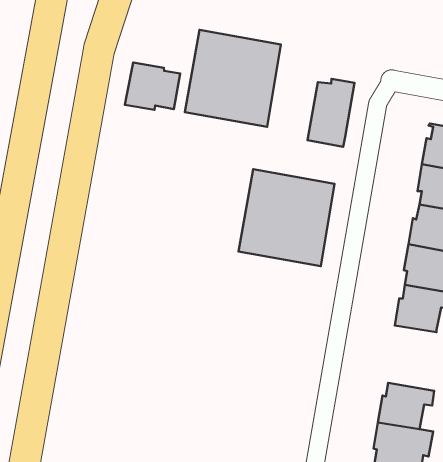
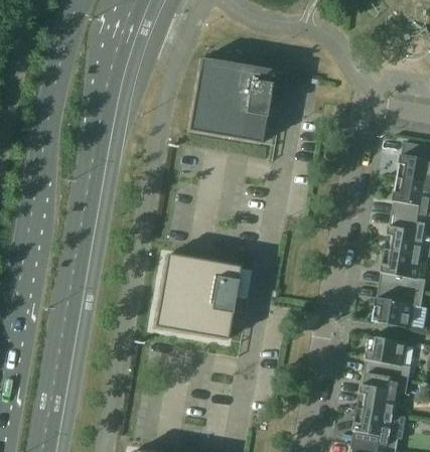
building: [125,62,180,110] -> none
building: [307,79,354,147] -> none
building: [239,169,334,266] -> [153,253,239,339]
building: none -> [368,334,412,379]

